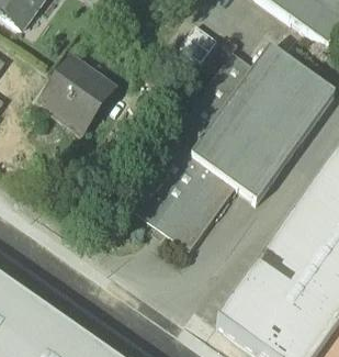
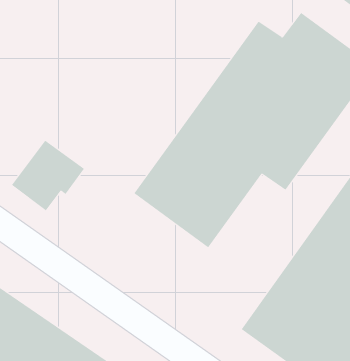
building: [45,58,110,121] -> [11,140,85,211]

